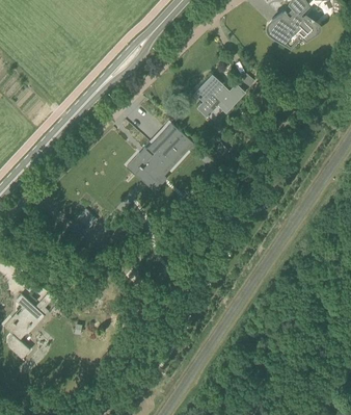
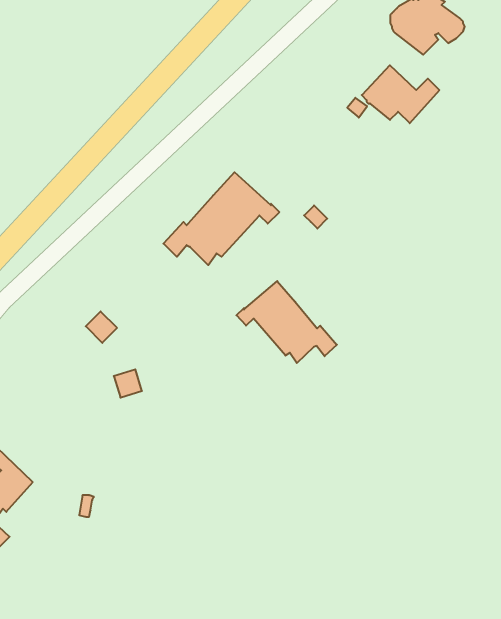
building: [194,75,243,111] -> [362,65,439,123]
building: none -> [236,281,337,363]

